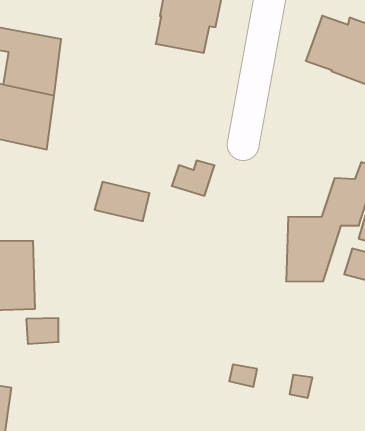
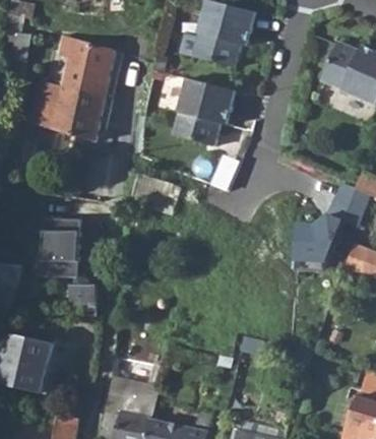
building: none -> [174,78,235,145]

